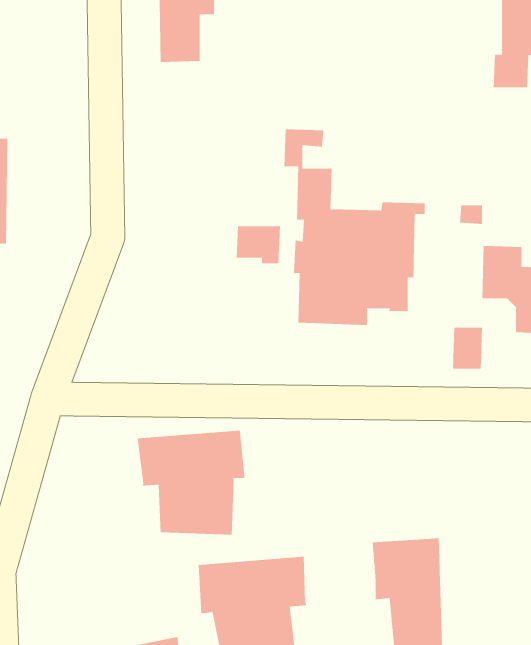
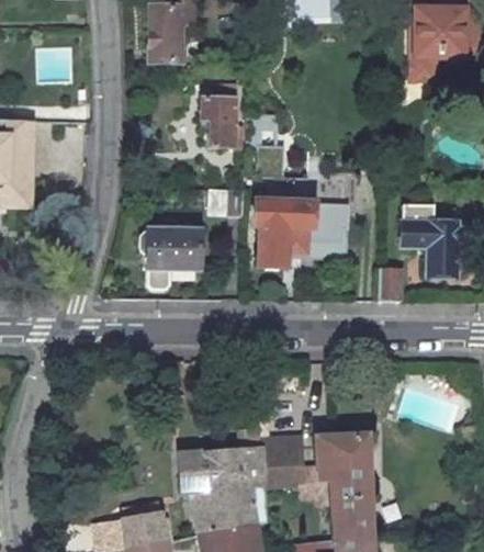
building: none -> [202,86,244,148]
building: none -> [142,229,200,289]
building: [137,430,245,536] -> none
building: none -> [263,437,304,484]

